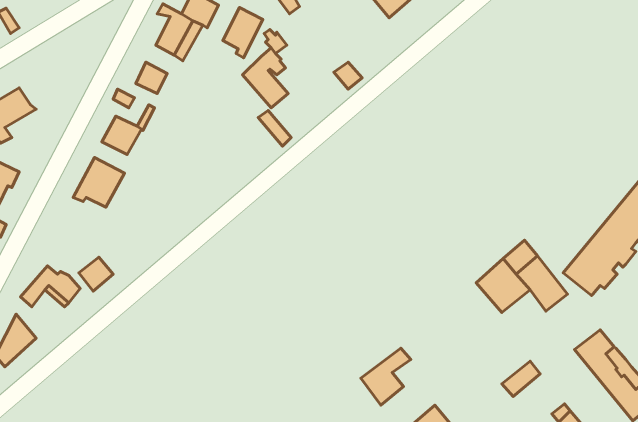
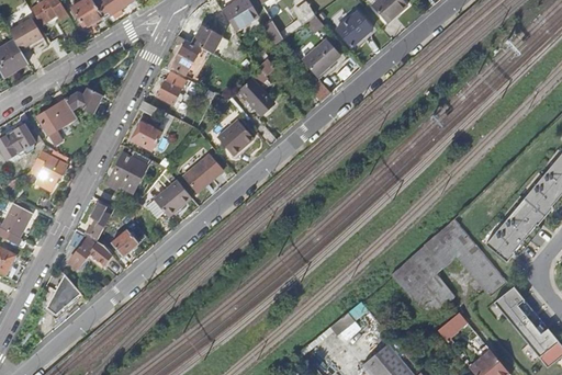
building: [223,7,263,58] -> none
building: none -> [302,38,340,76]
building: none -> [66,88,102,114]
building: none -> [216,120,252,155]
building: none -> [183,154,222,193]
building: none -> [153,180,190,217]
building: none -> [85,202,110,241]
building: none -> [392,250,457,317]

